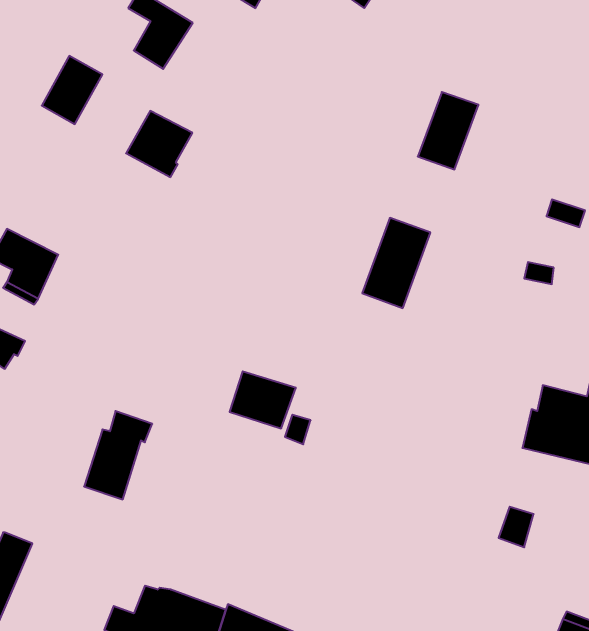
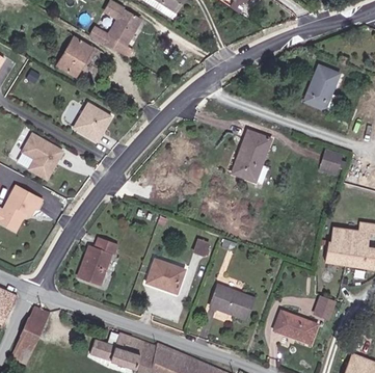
building: [418,92,479,169] -> [304,66,339,110]
building: [126,111,192,177] -> [75,103,112,140]
building: [230,371,296,428] -> [146,260,184,292]
building: none -> [208,283,251,316]
building: none -> [272,308,316,340]

